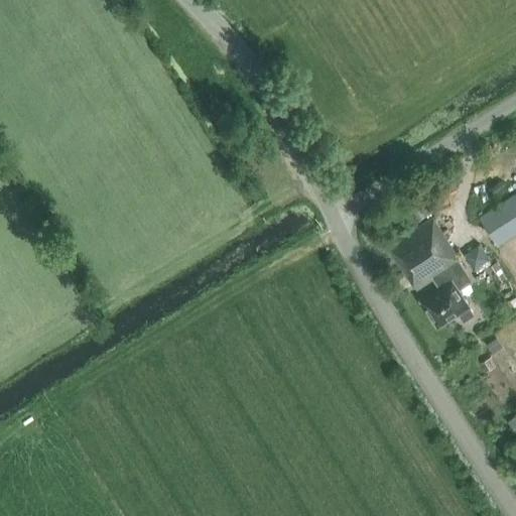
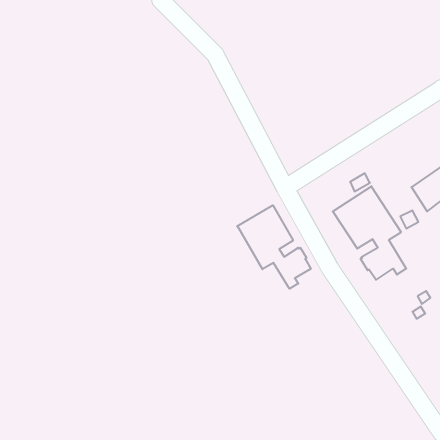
building: none -> [237,205,311,289]

